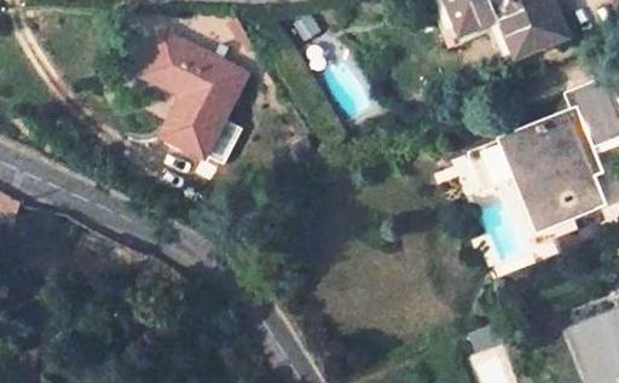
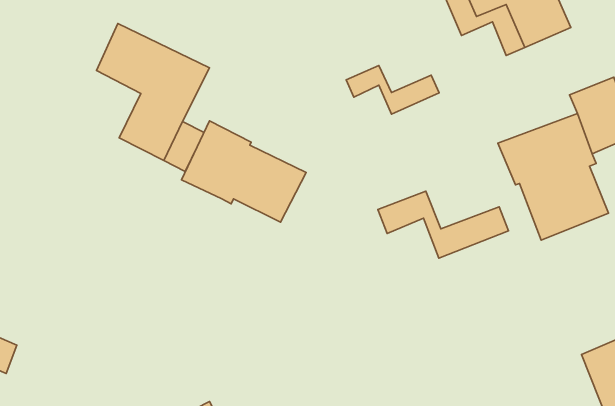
building: none -> [346,65,439,114]
building: none -> [182,121,306,222]
building: none -> [378,191,508,258]

